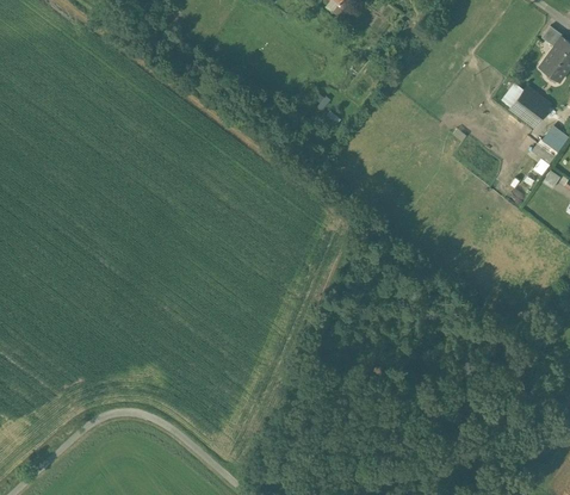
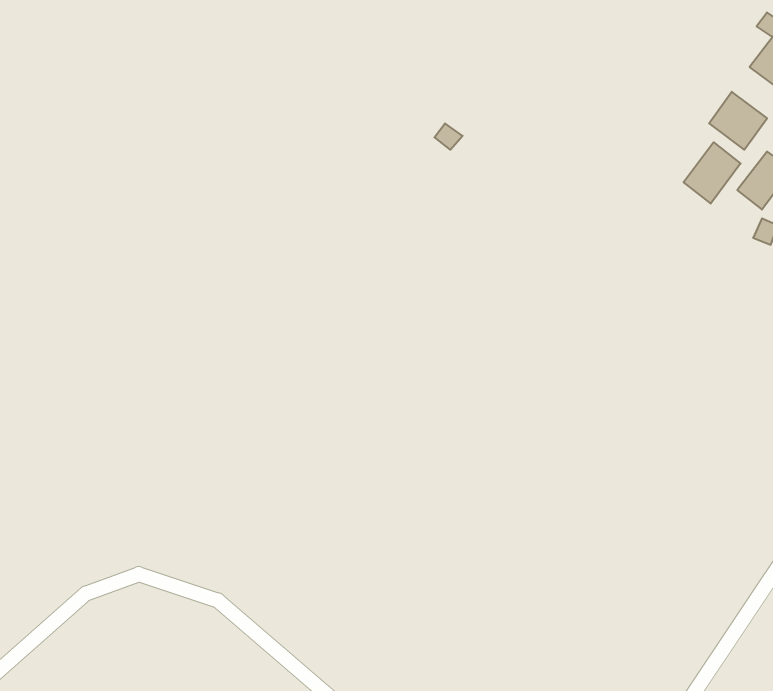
building: none -> [684,142,741,204]

